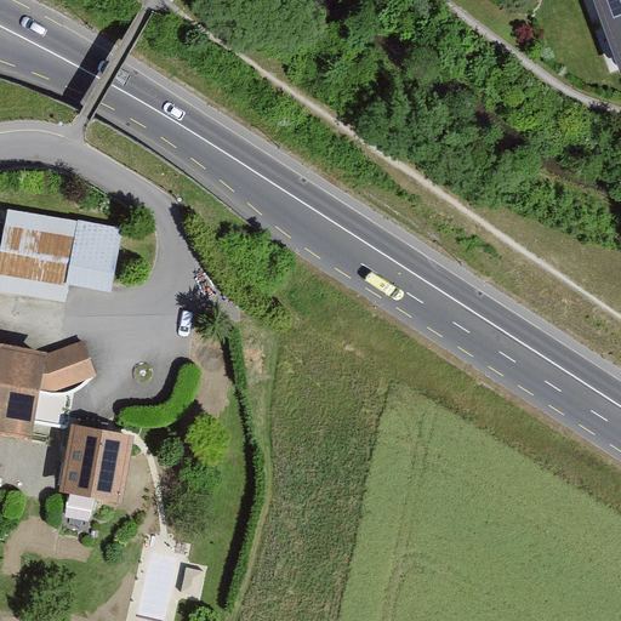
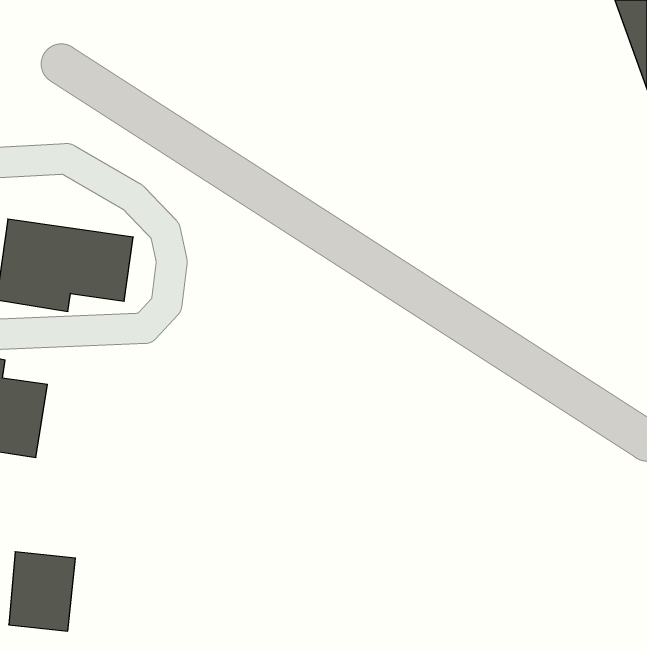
building: [44,341,91,386] -> none
building: [70,423,133,498] -> [9,552,75,631]

